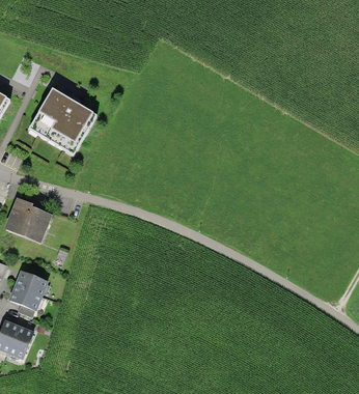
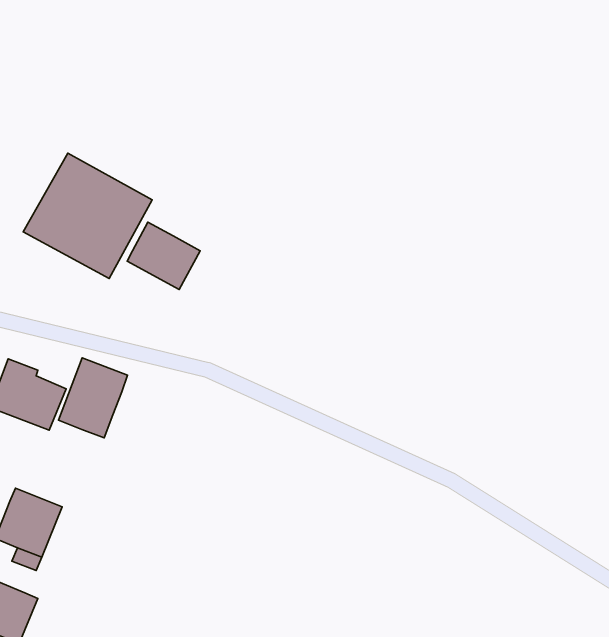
building: none -> [127,222,200,290]
building: none -> [59,358,128,438]

